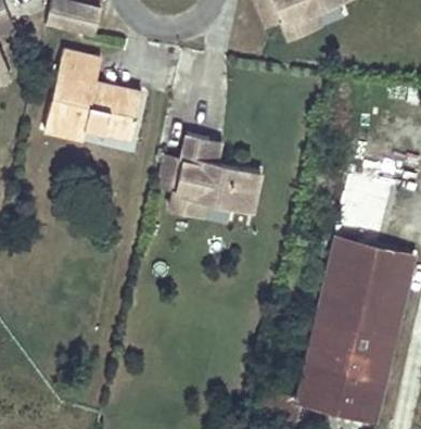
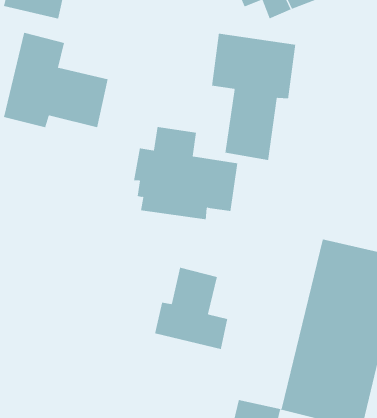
building: none -> [211,33,296,161]
building: none -> [155,267,228,350]

